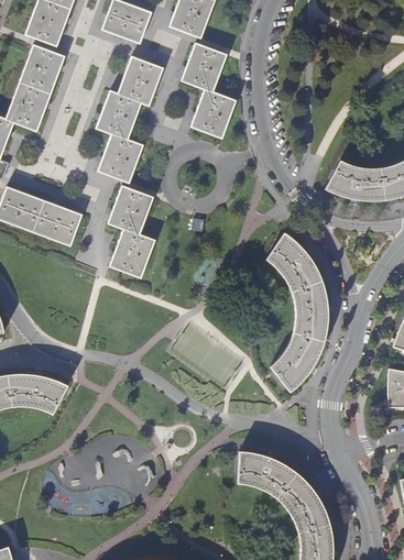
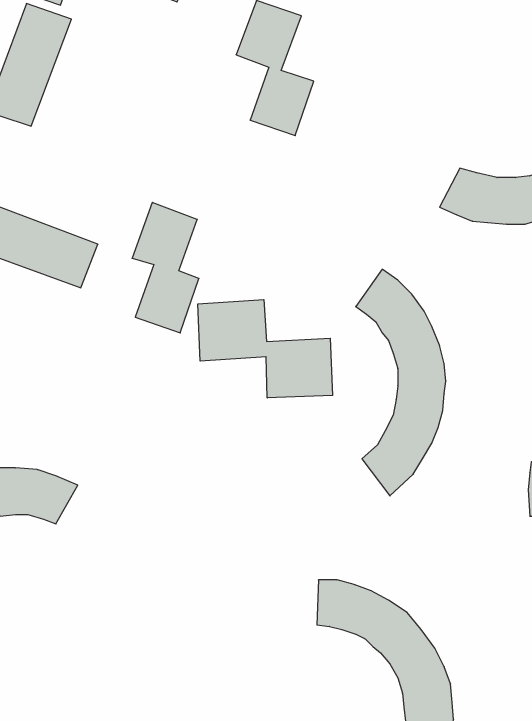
building: [96,56,162,183] -> none
building: none -> [198,300,333,398]

